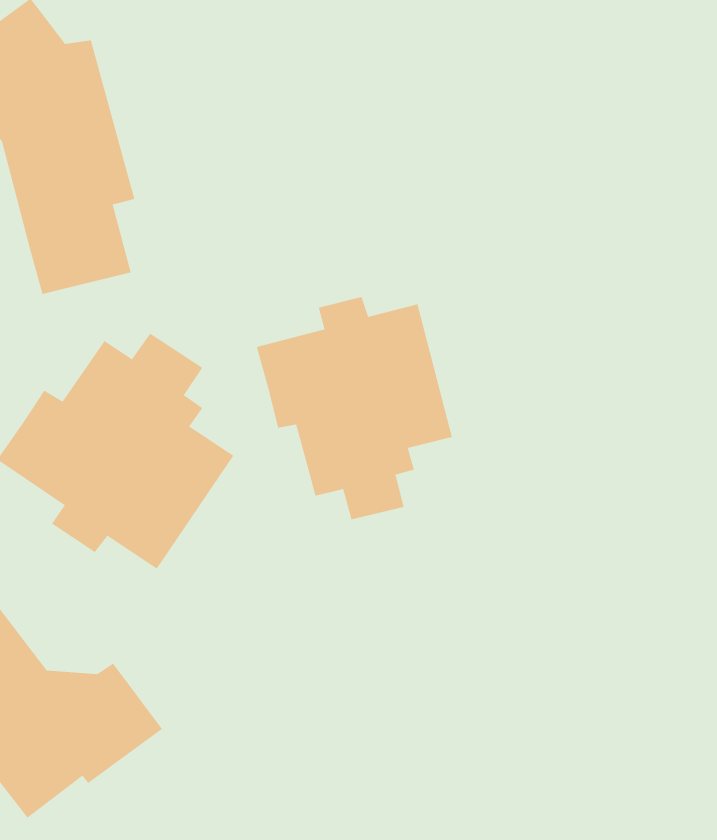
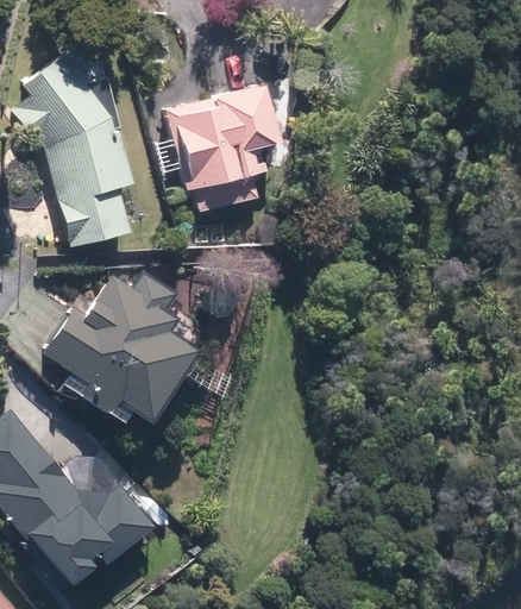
building: none -> [165,86,276,212]
building: [256,296,453,520] -> none

